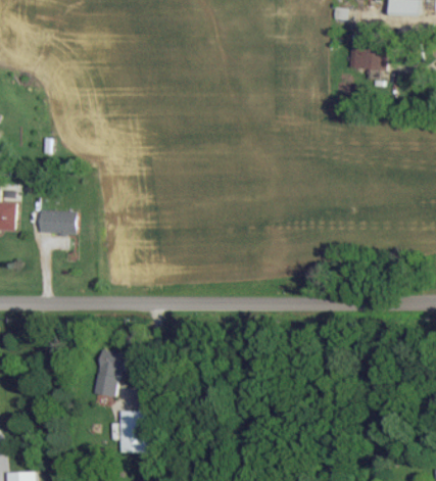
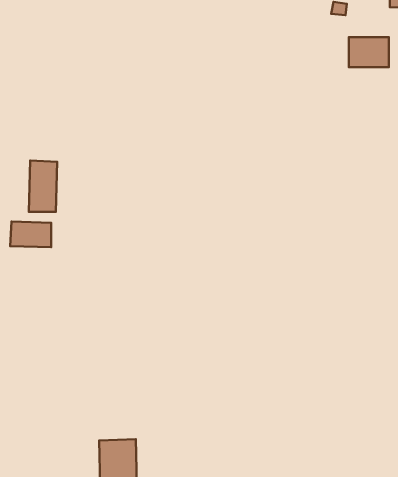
building: none -> [29,160,57,212]
building: [94,349,125,398] -> none

